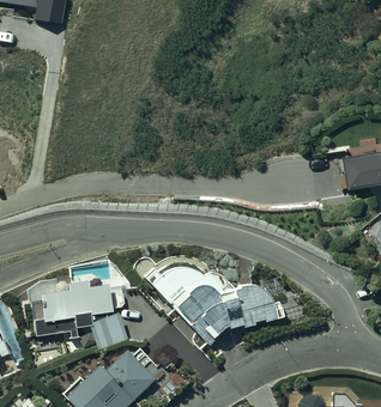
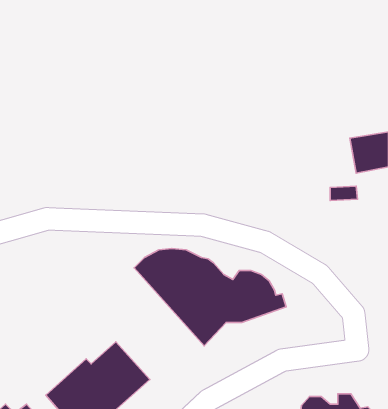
building: [32,265,128,350] -> none

